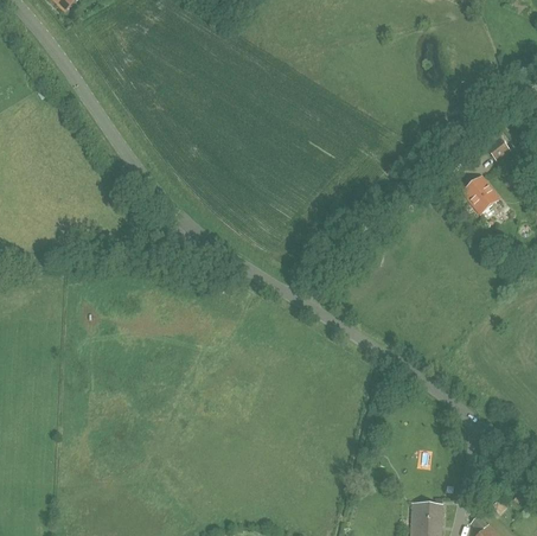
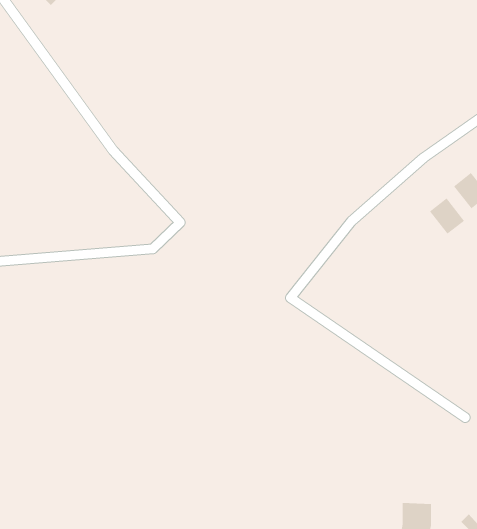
building: none -> [429,198,465,235]

